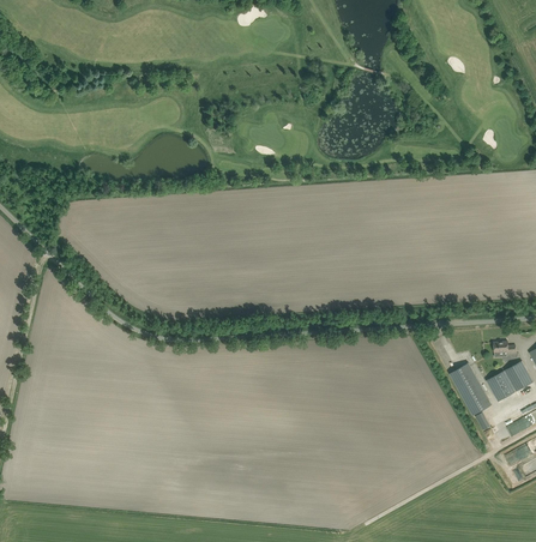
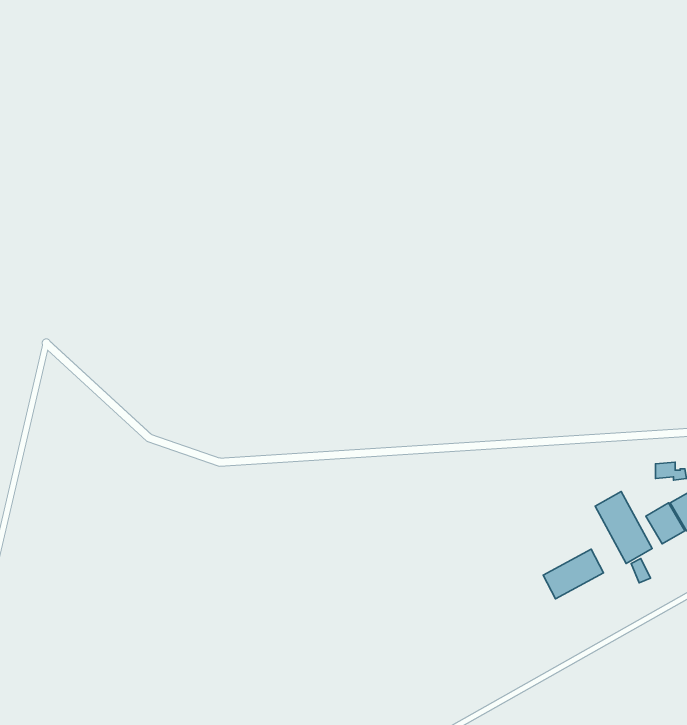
building: none -> [543,549,603,599]

